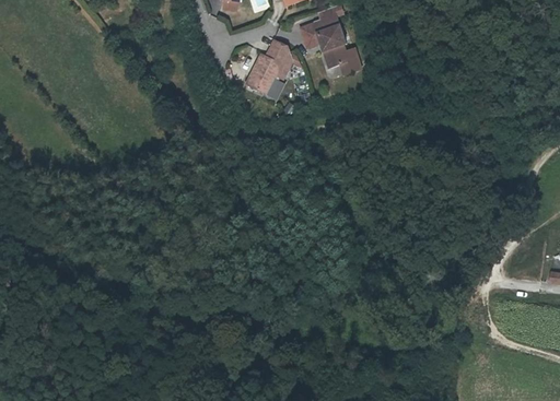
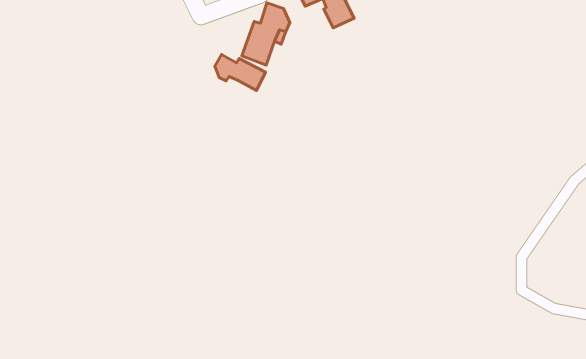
building: none -> [215,54,265,90]

